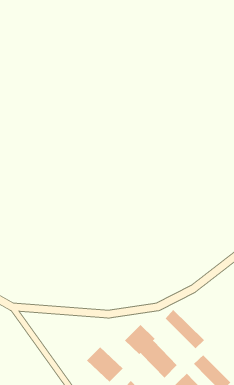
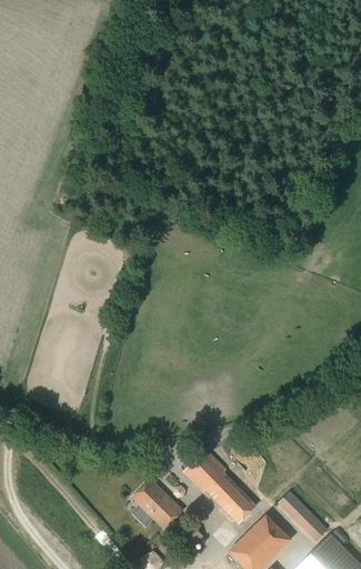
building: [165,309,205,349] -> none

